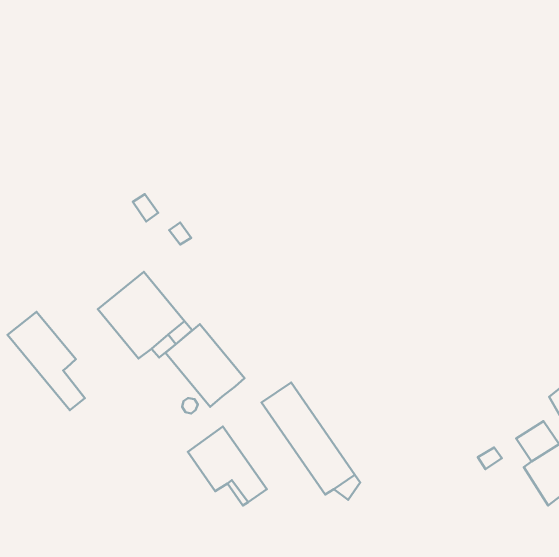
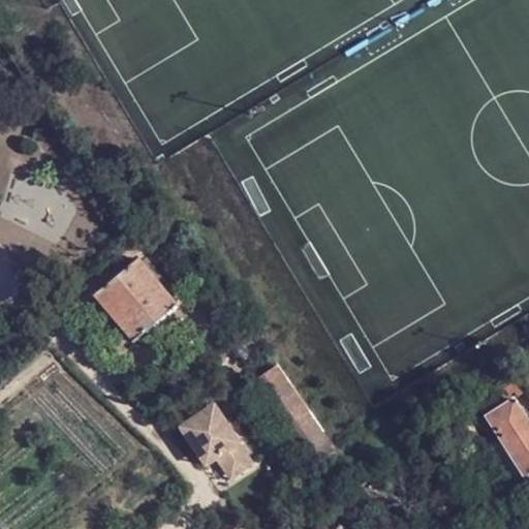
building: [7,312,85,410] -> none
building: [166,324,244,407] -> none

